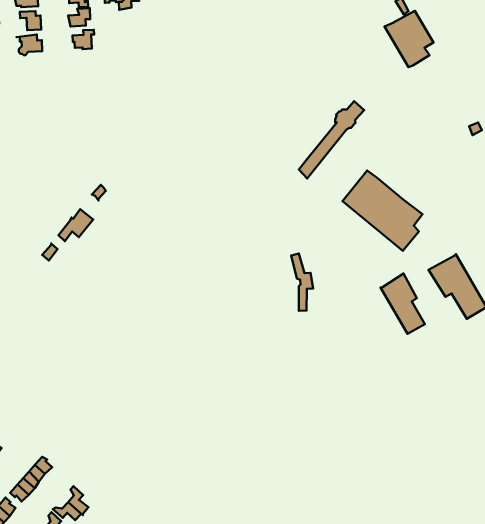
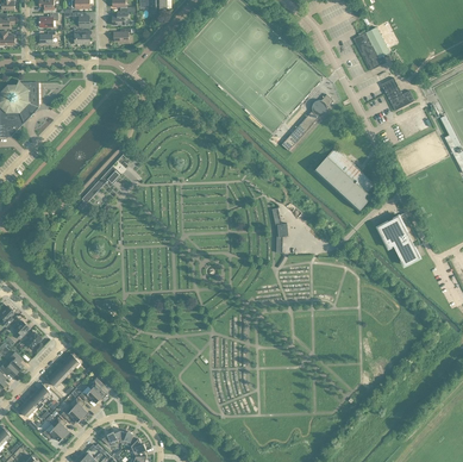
building: none -> [381,76,413,110]
building: [380,274,425,334] -> none

